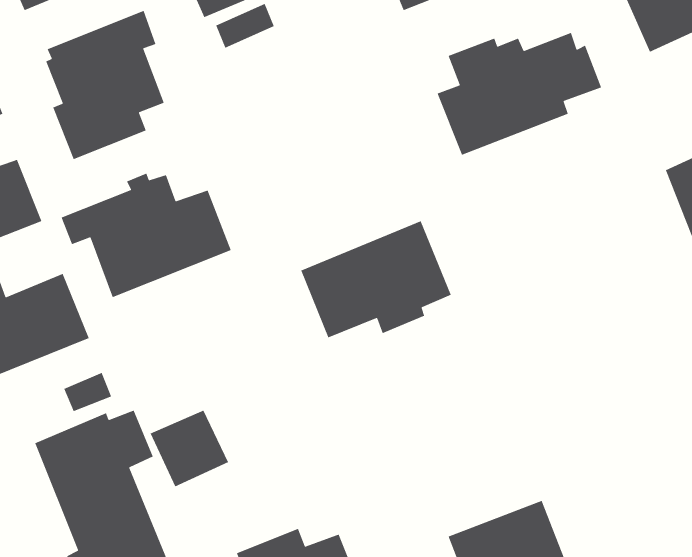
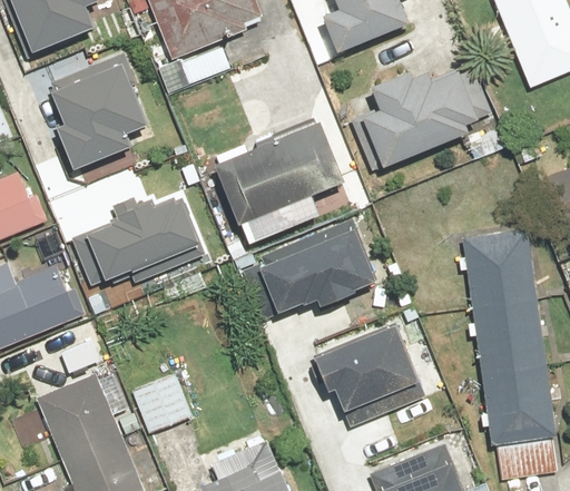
building: none -> [210,122,343,238]
building: none -> [460,230,560,479]
building: none -> [311,321,430,429]

